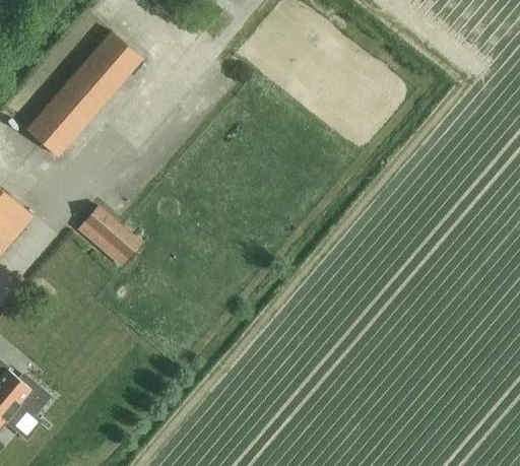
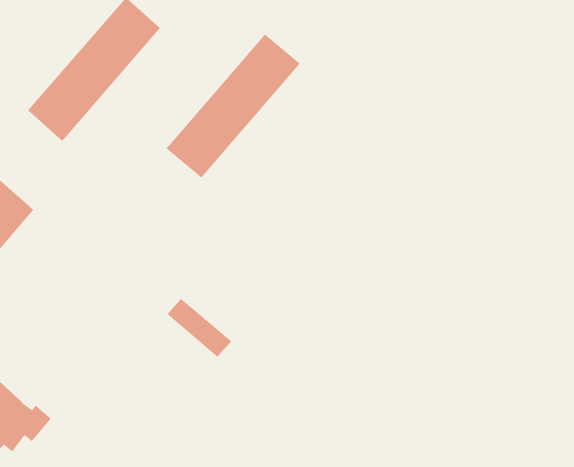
building: none -> [165,34,301,178]
building: [86,205,143,257] -> [167,298,232,358]

